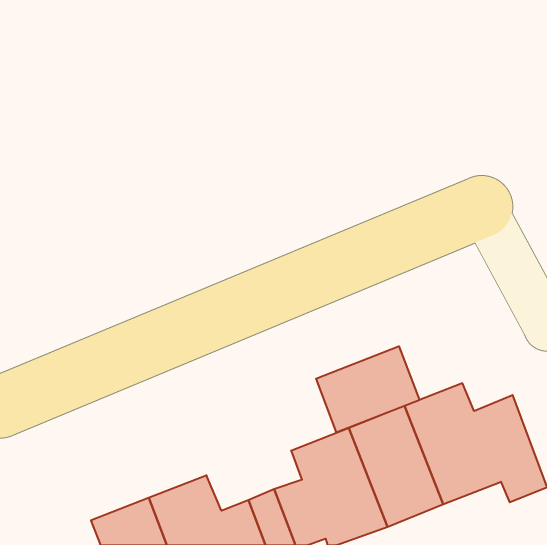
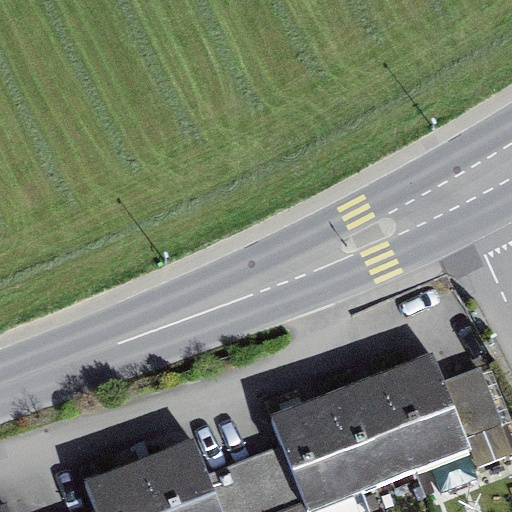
building: [316,346,419,432] -> none

